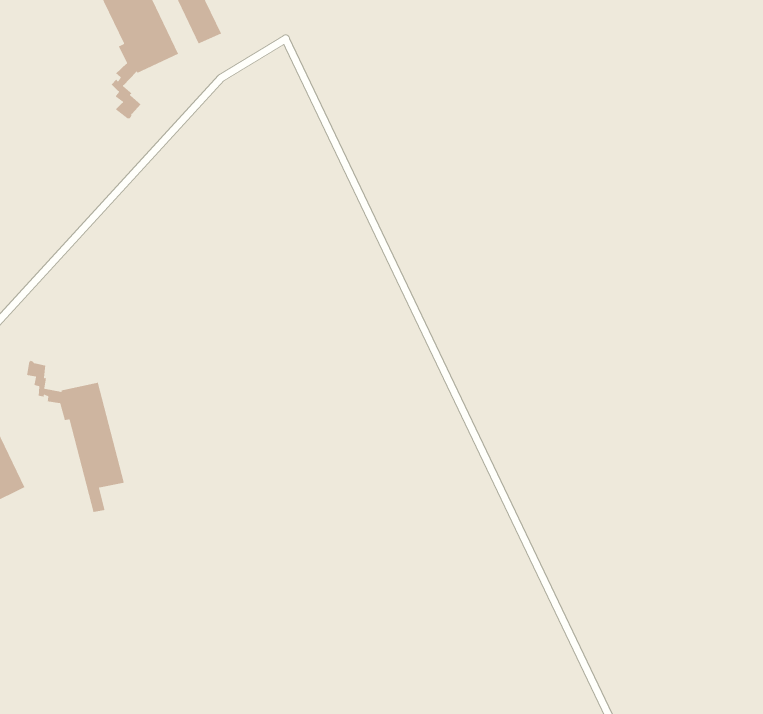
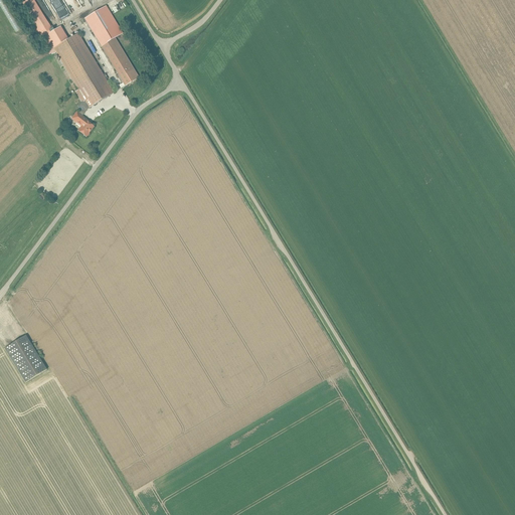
building: [26,360,125,513] -> none

